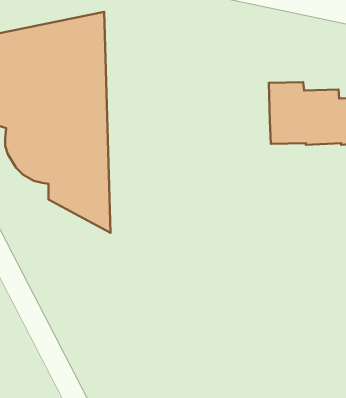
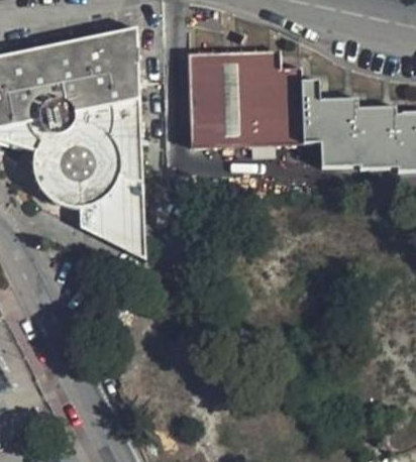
building: none -> [187,52,320,147]

